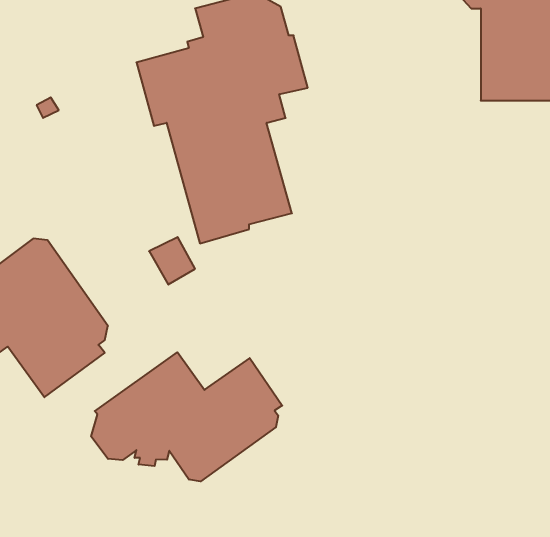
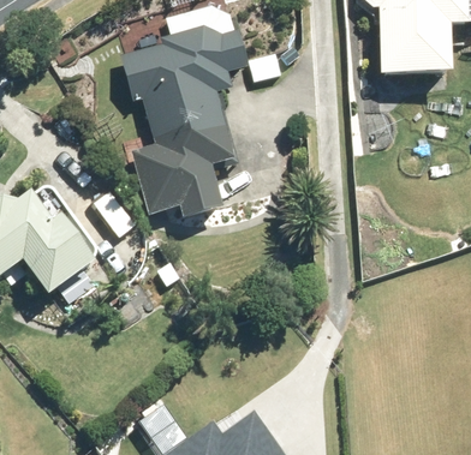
building: [91,352,282,481] -> none

